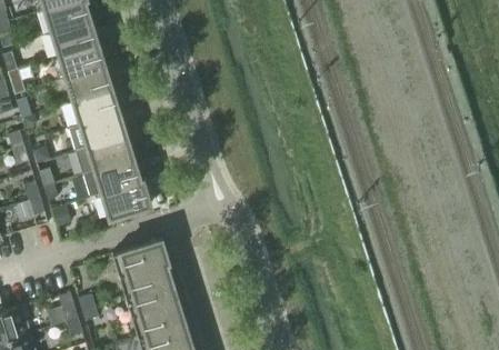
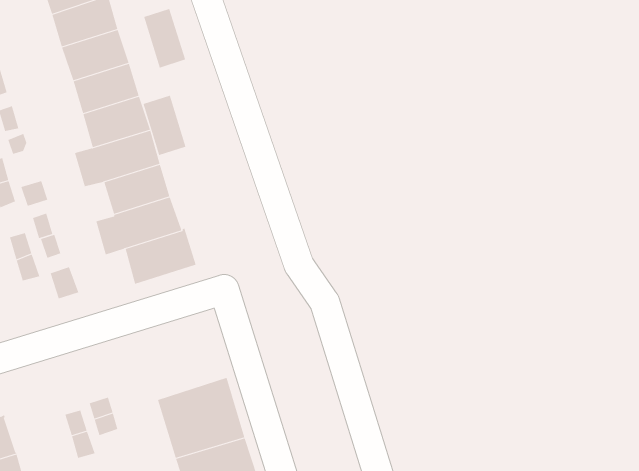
building: none -> [143,8,186,68]
building: none -> [143,95,186,156]
building: [111,238,172,296] -> none

